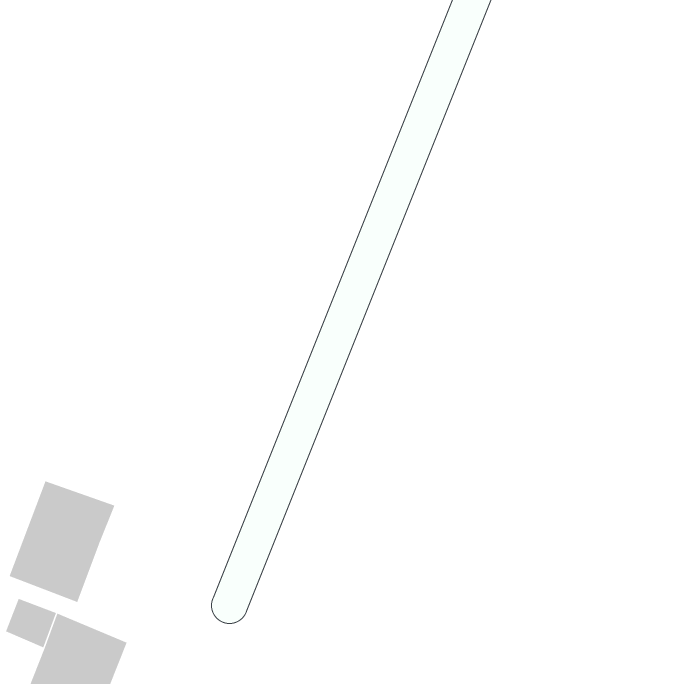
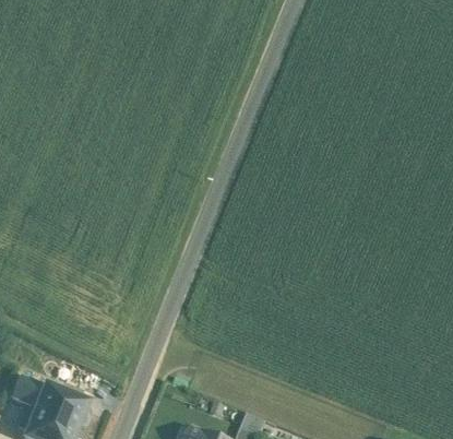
building: [9,480,115,603] -> none

